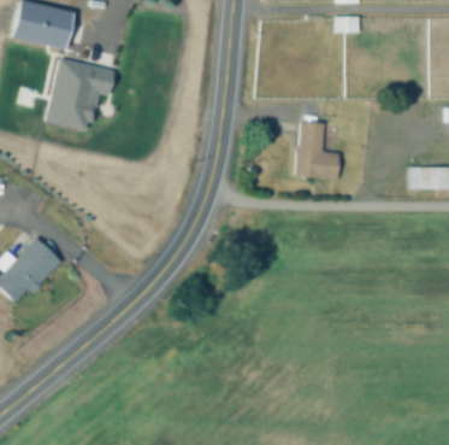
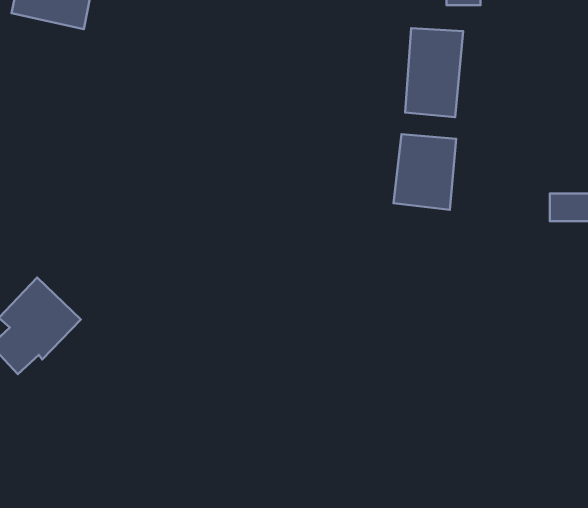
building: none -> [405,28,463,117]
building: [45,54,113,128] -> none

